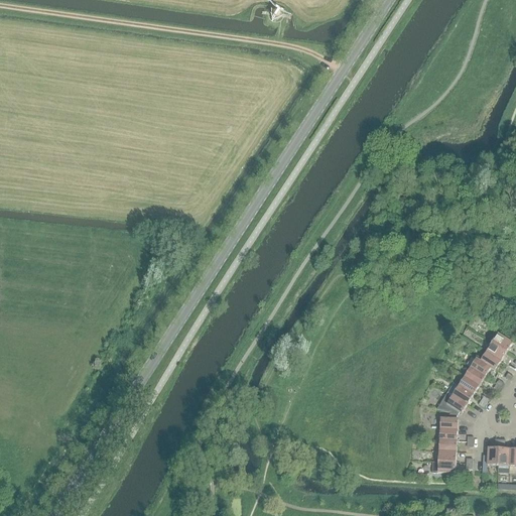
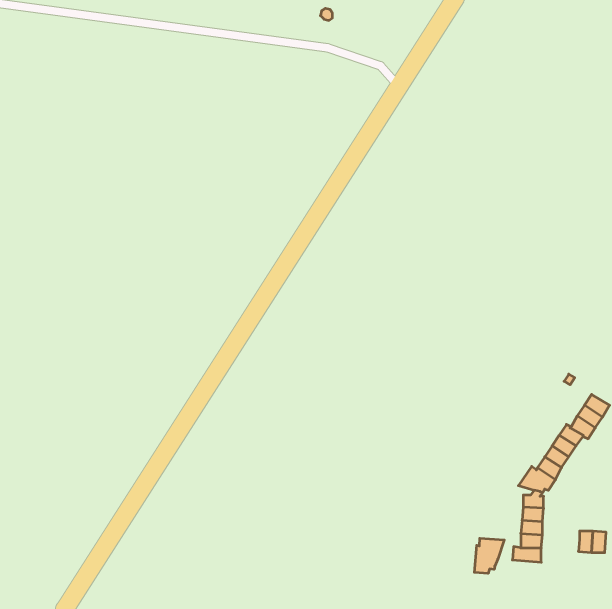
building: none -> [474,538,504,573]

